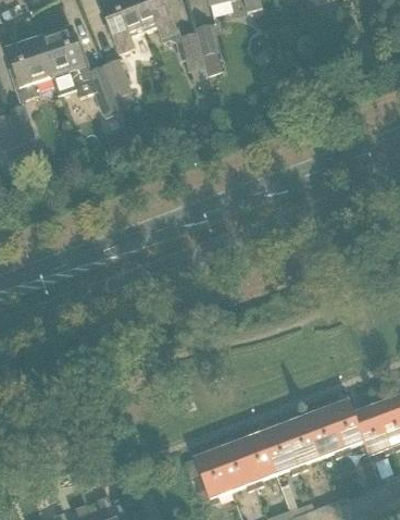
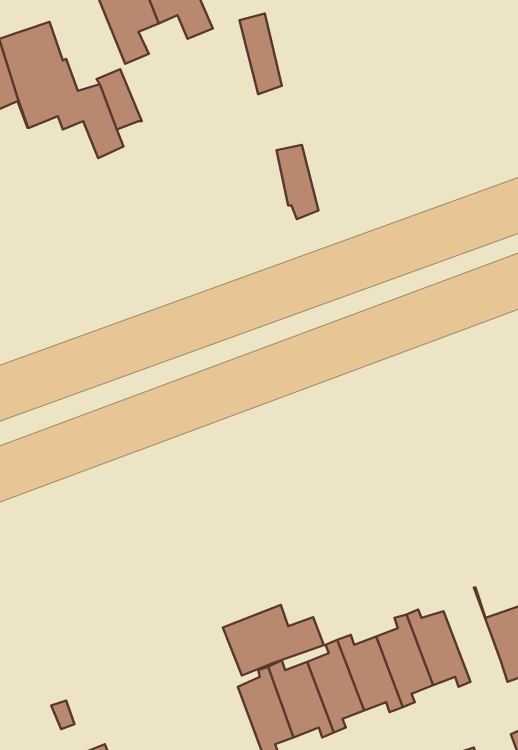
building: [178,30,205,78] -> [276,145,319,219]
building: [325,392,362,453] -> none
building: none -> [223,605,324,675]

